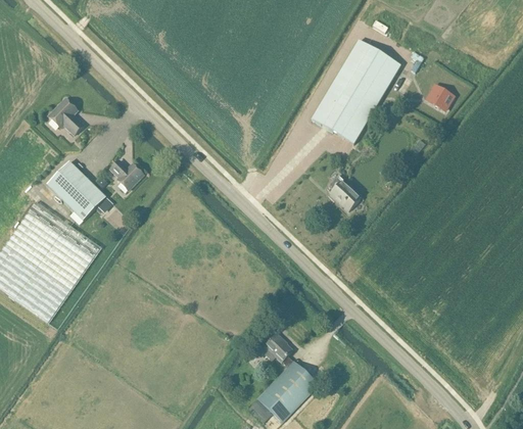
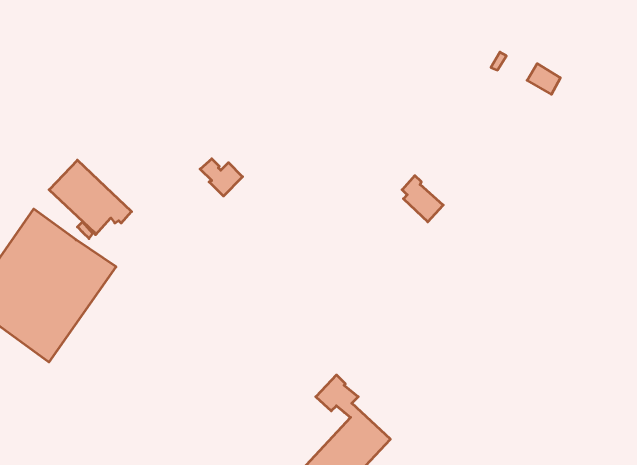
building: [312,39,401,143] -> none
building: [49,99,85,135] -> none
building: [111,160,145,190] -> [200,159,243,196]

